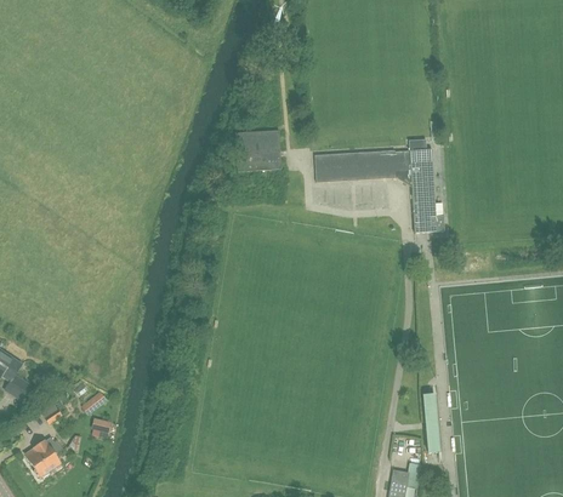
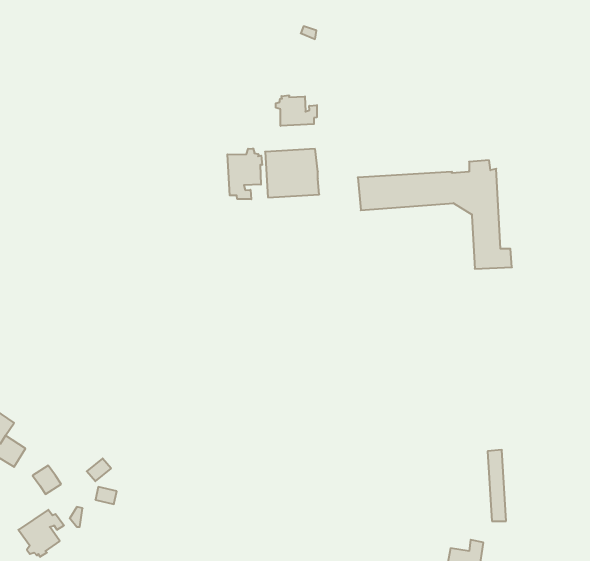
building: none -> [276,95,317,126]
building: none -> [227,148,262,199]

